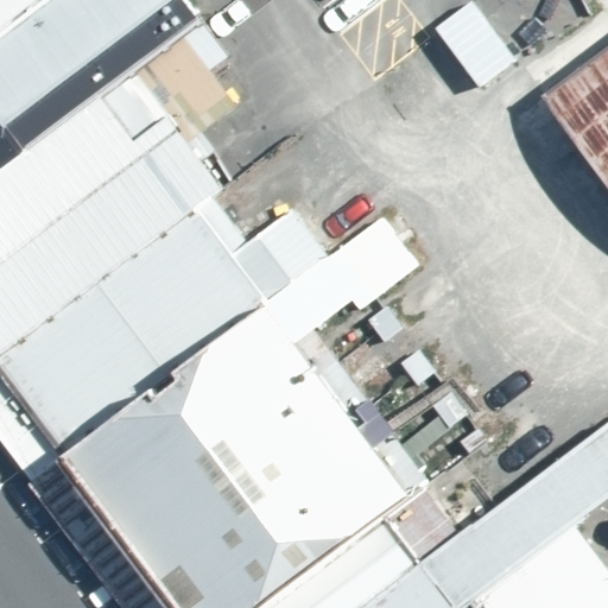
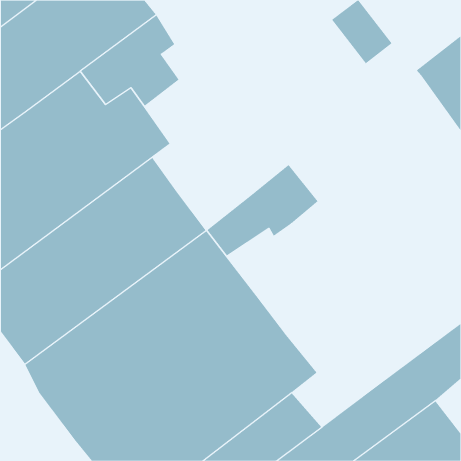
building: [234,213,329,303] -> none

